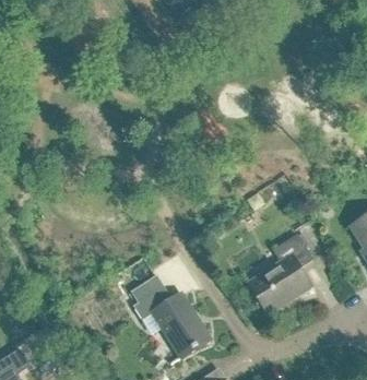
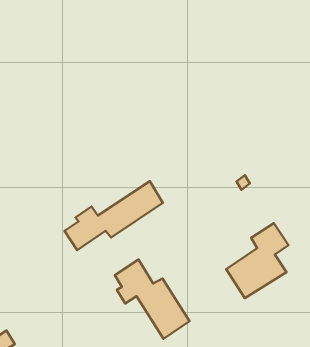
building: none -> [64,181,163,250]

